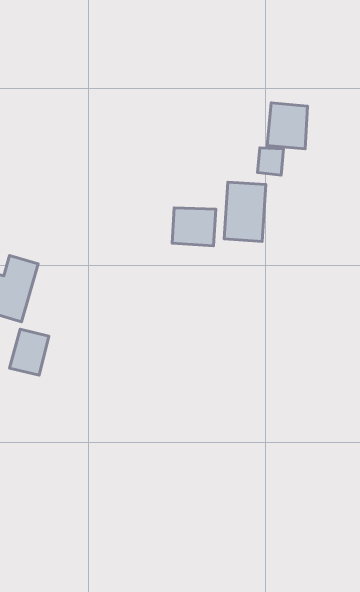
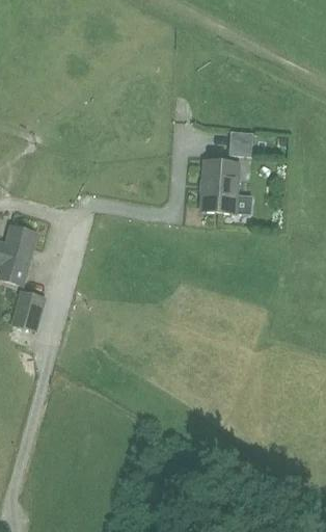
building: [267,103,307,149] -> none
building: [172,208,216,246] -> none

